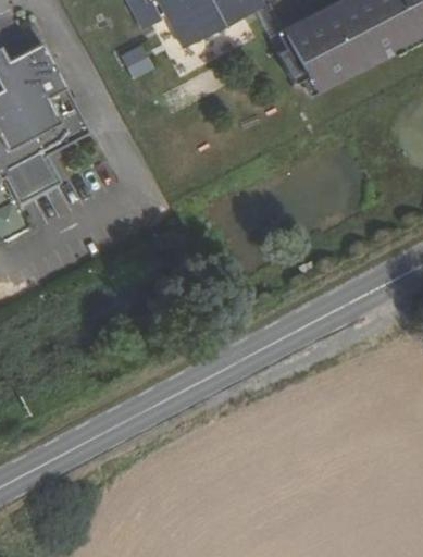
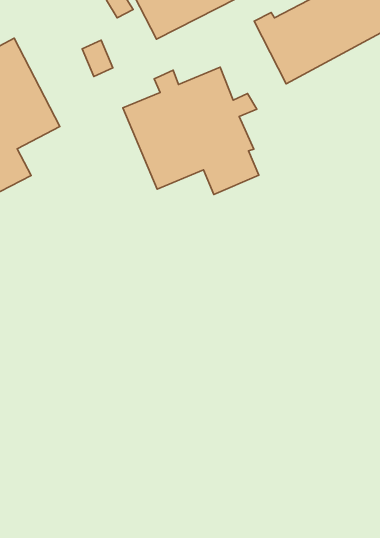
building: none -> [123,67,259,194]

